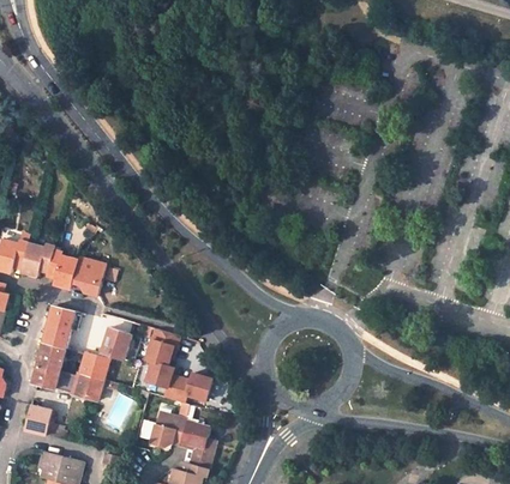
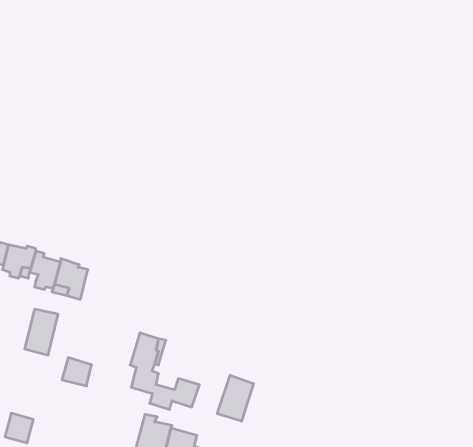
building: [101,328,131,361] -> none
building: [31,344,65,389] -> none
building: none -> [217,375,254,421]
building: [72,374,102,400] -> none

